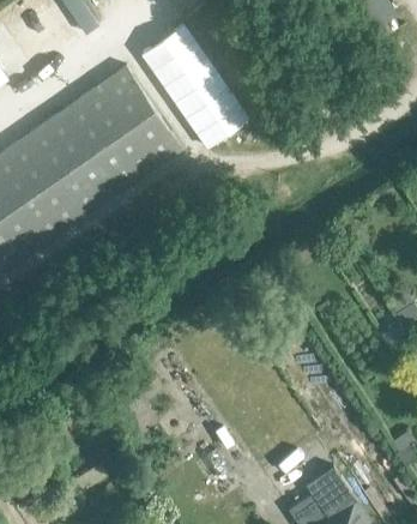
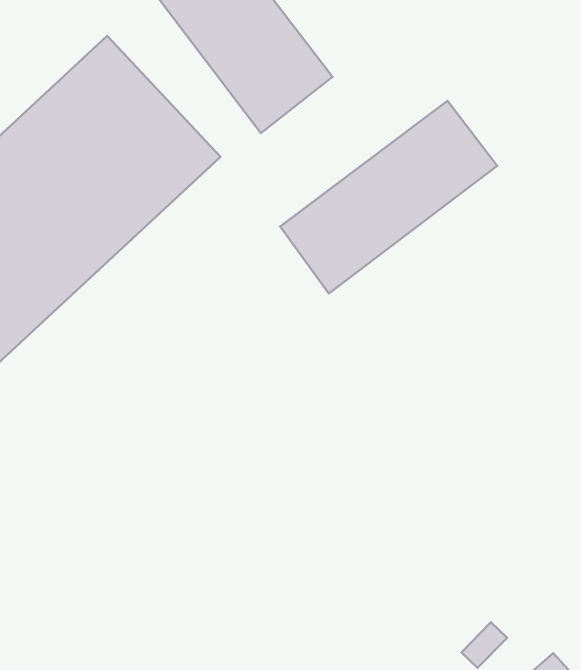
building: none -> [280,101,497,293]

